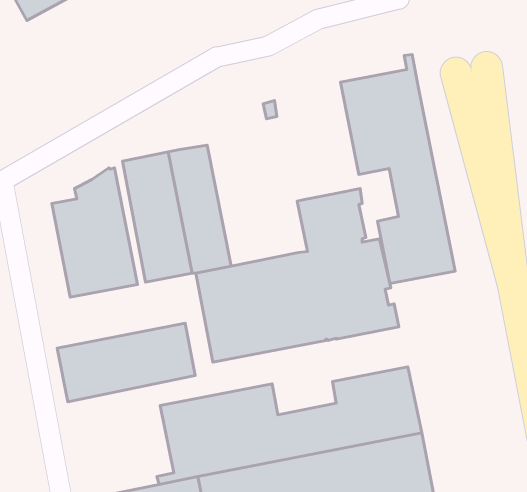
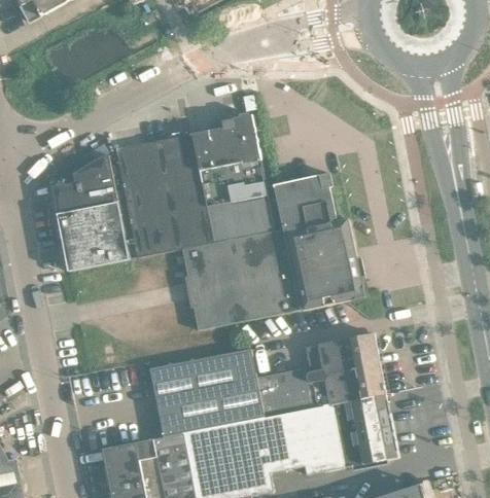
building: [341,54,455,284] -> none
building: none -> [190,115,273,244]
building: [57,323,195,402] -> none

